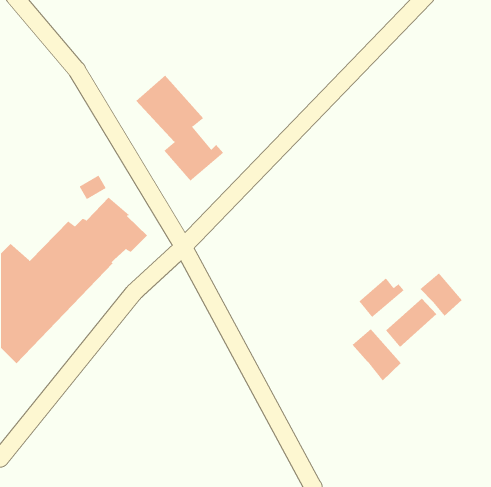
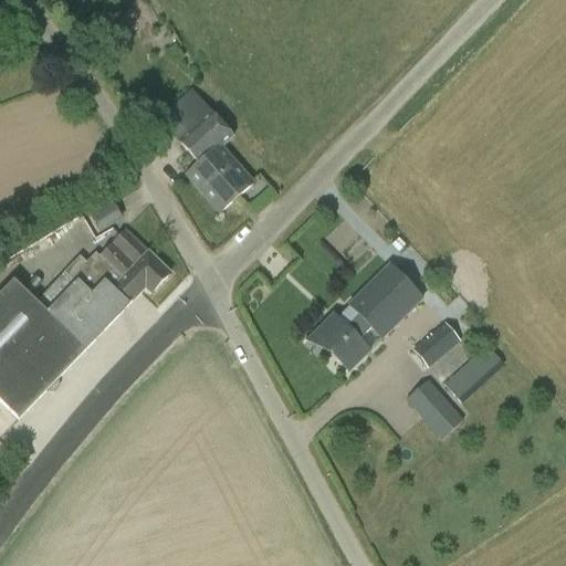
building: none -> [312,262,421,367]
building: [419,273,462,316] -> none

